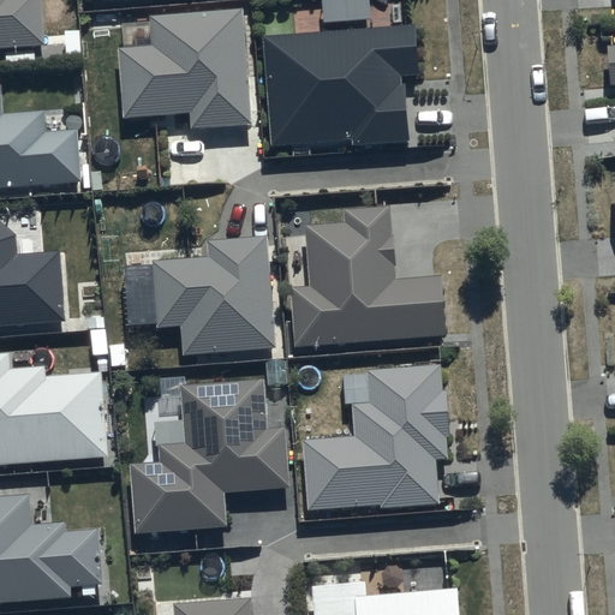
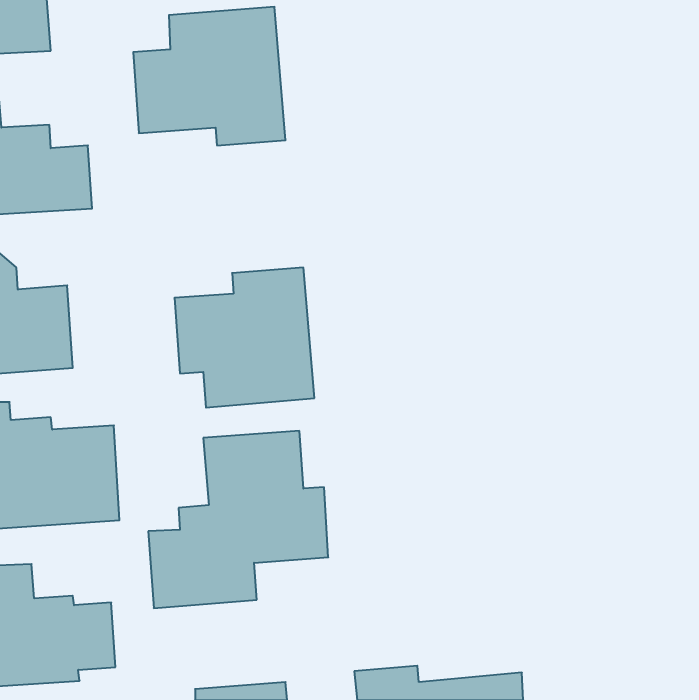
building: [261,24,417,145] -> none
building: [287,204,443,350] -> none
building: [301,364,448,509] -> none

